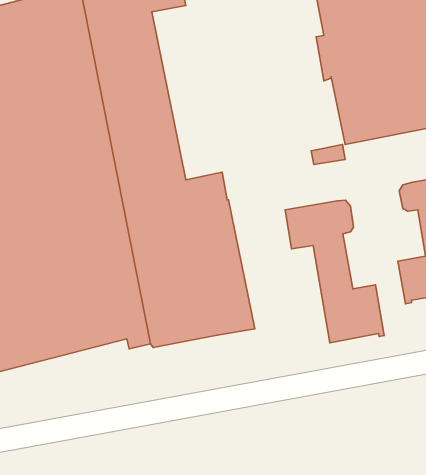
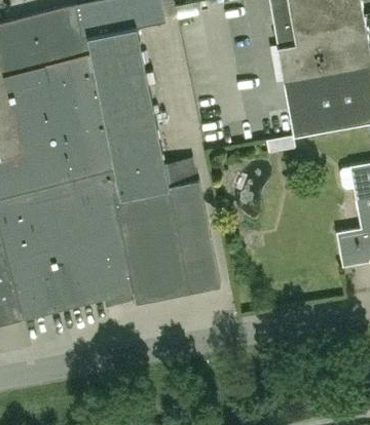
building: [285,200,384,343] -> none

